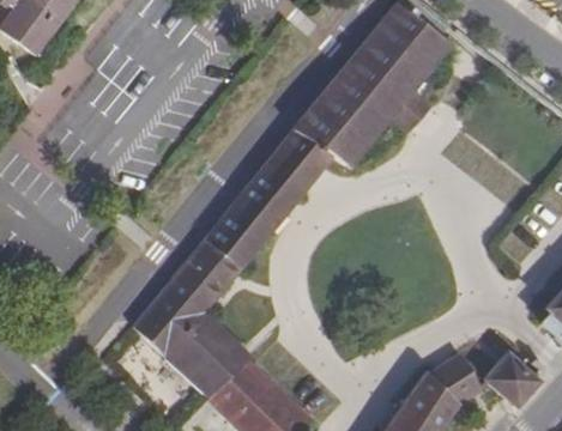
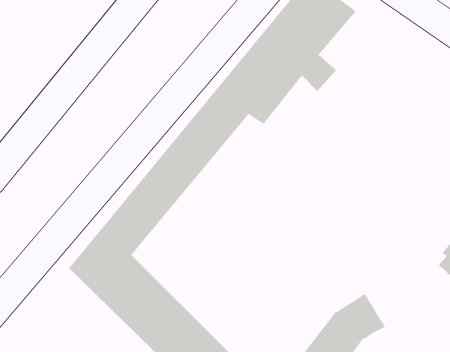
building: [485,352,540,407] -> none

